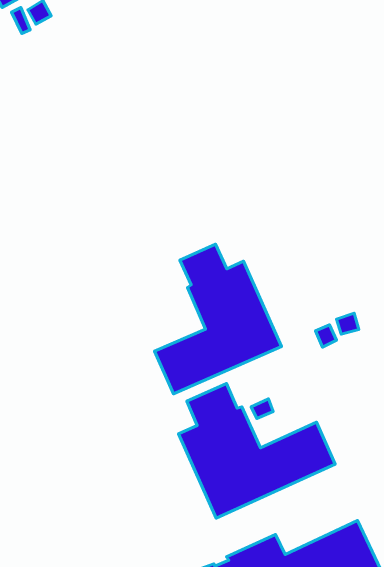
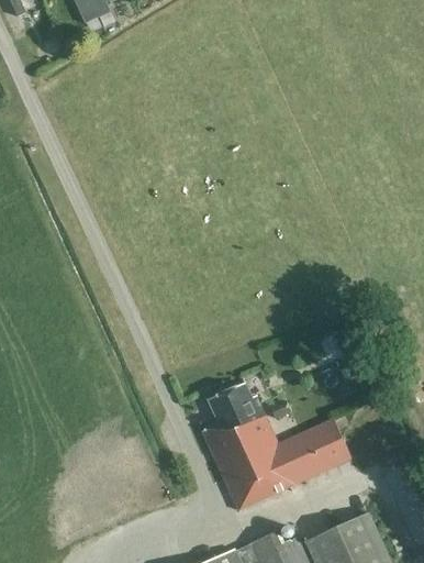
building: [154,244,281,394] -> none

